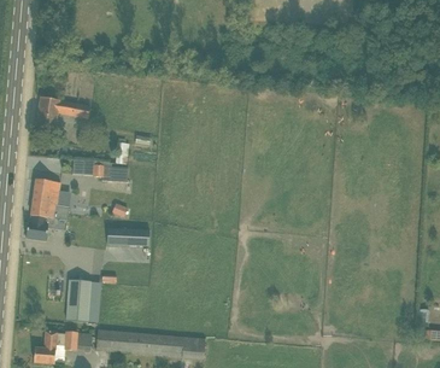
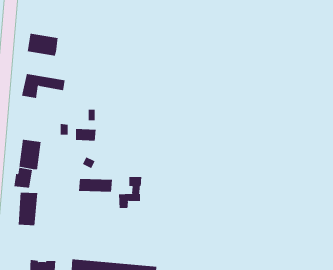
building: none -> [27,33,58,56]
building: none -> [119,176,142,209]
building: [66,279,92,321] -> [18,192,38,226]

